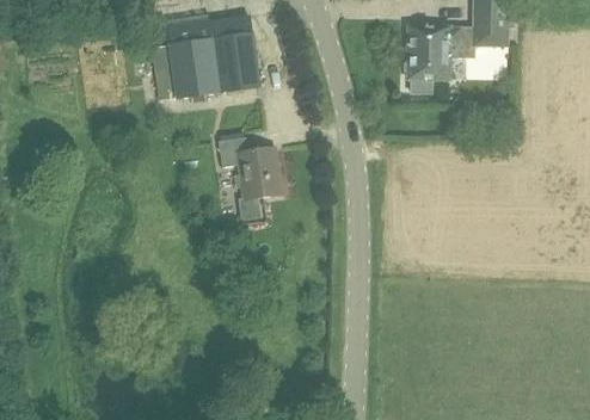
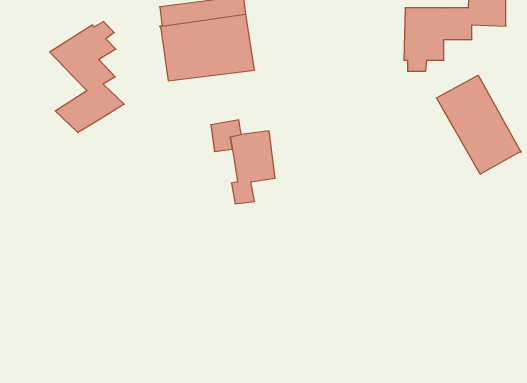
building: none -> [50,21,124,133]
building: none -> [436,75,521,174]

